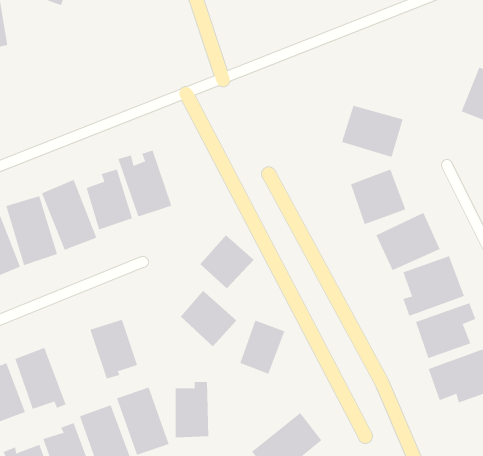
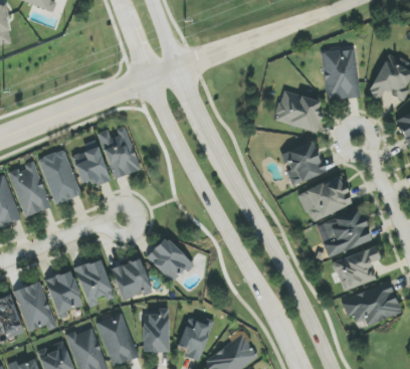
building: none -> [322,47,360,100]
building: [199,234,254,289] -> none
building: none -> [112,257,154,300]
building: [239,320,285,375] -> [176,316,212,359]
building: none -> [45,269,83,318]

